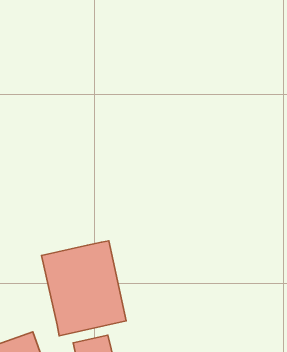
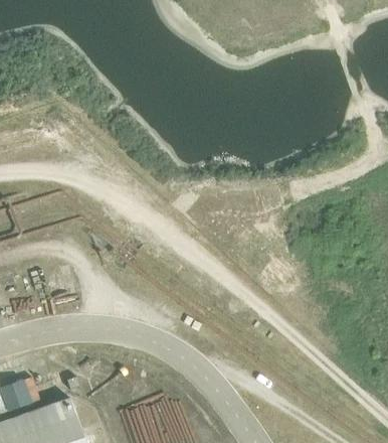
building: [42,241,126,336] -> none

